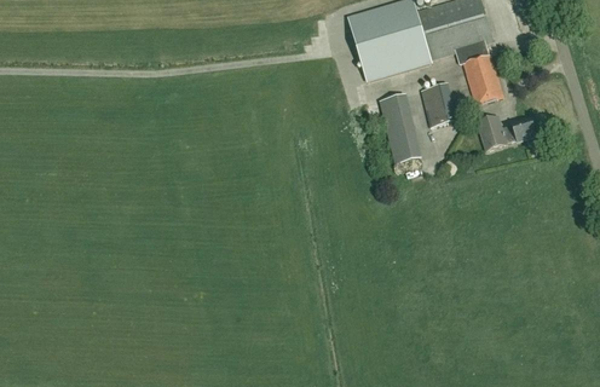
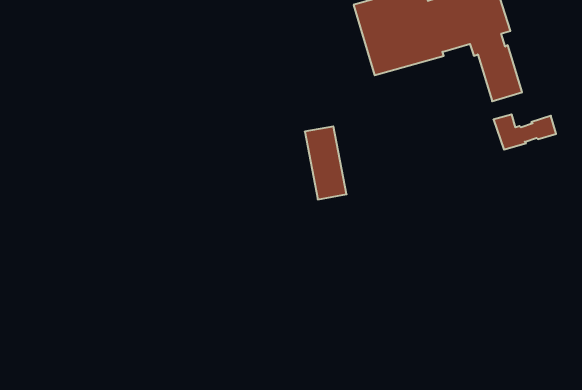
building: [420,85,448,127] -> none
building: [380,88,419,156] -> [305,126,347,199]

